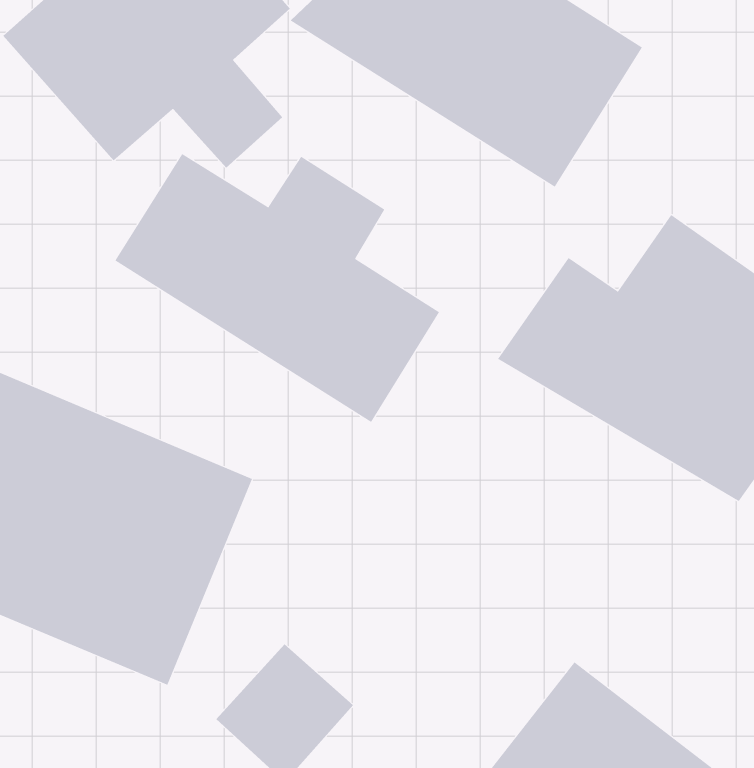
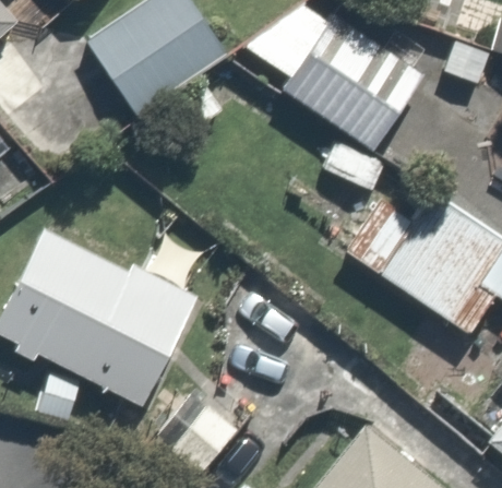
building: [115,153,440,423] -> none

